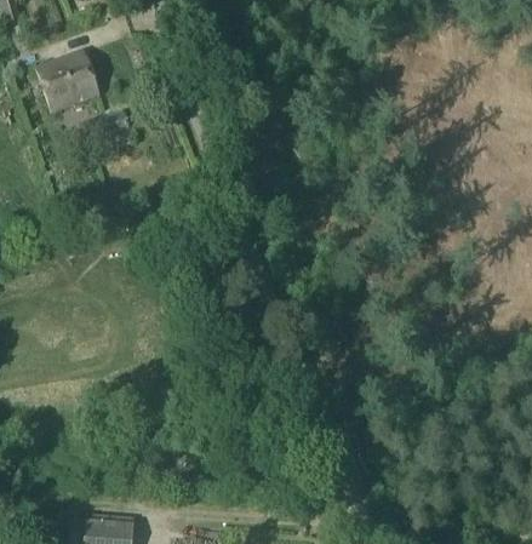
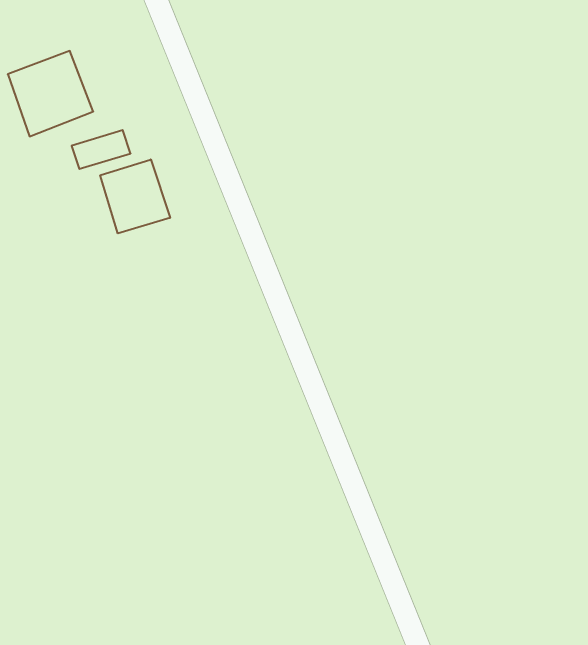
building: none -> [100,159,170,233]

